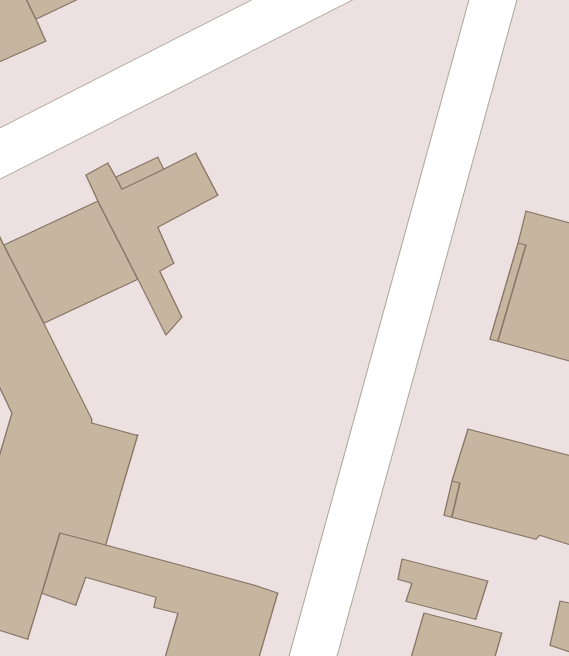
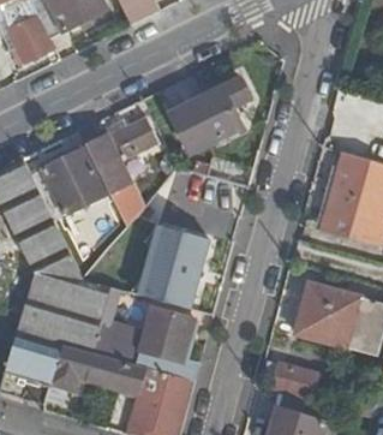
building: none -> [170,78,246,153]
building: none -> [136,225,208,306]
building: none -> [90,308,195,377]

